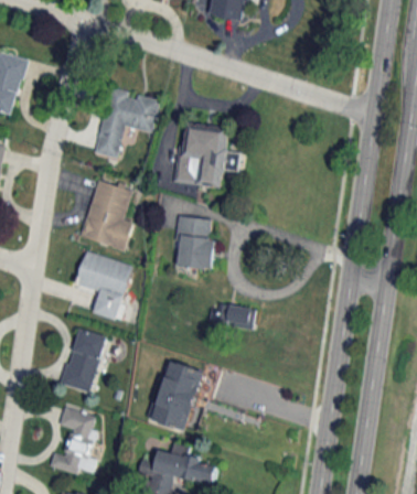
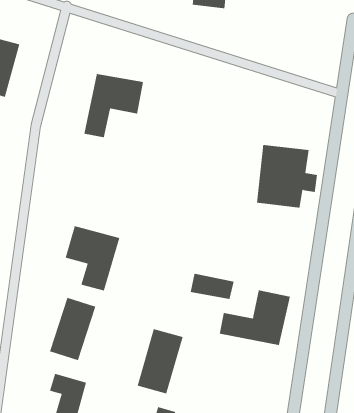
building: [175,121,240,189] -> [256,145,318,208]
building: [79,179,132,250] -> none
building: [172,215,215,270] -> none
building: none -> [219,289,291,346]

